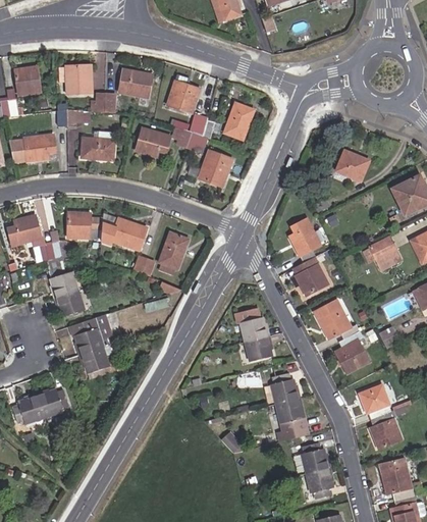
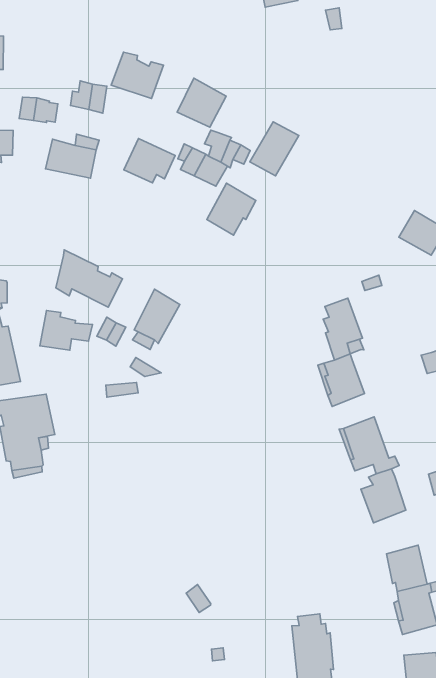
building: [65,65,91,94] -> none
building: [67,212,102,238] -> [40,310,92,350]
building: [234,308,272,362] -> none
building: [270,373,309,441] -> none

